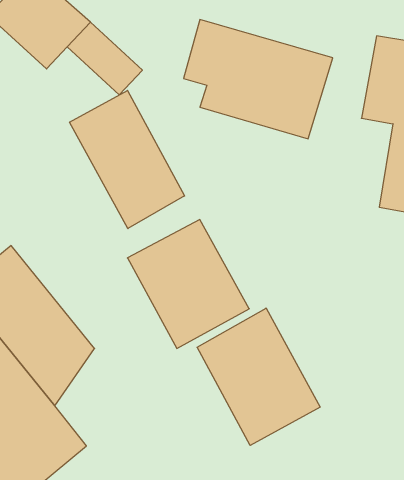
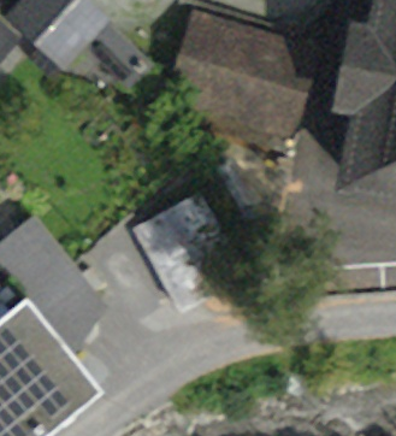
building: [70,90,185,229] -> none
building: [197,308,320,445] -> none

